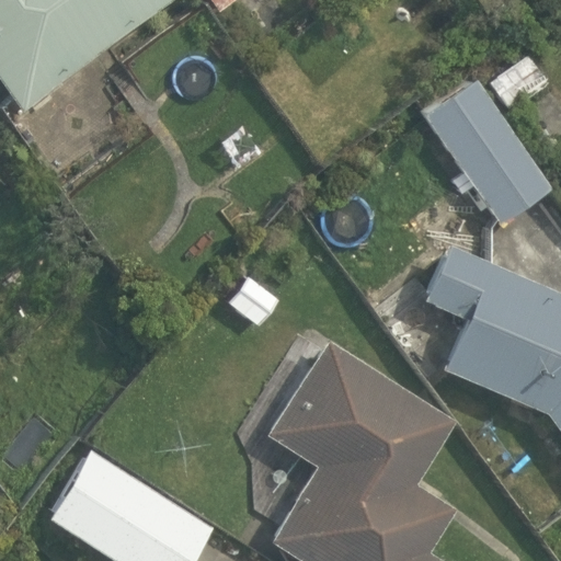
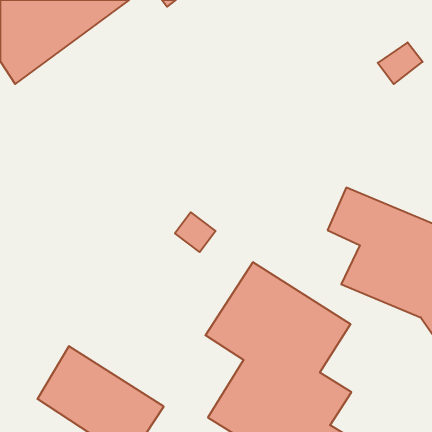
building: [422,77,551,226] -> none

